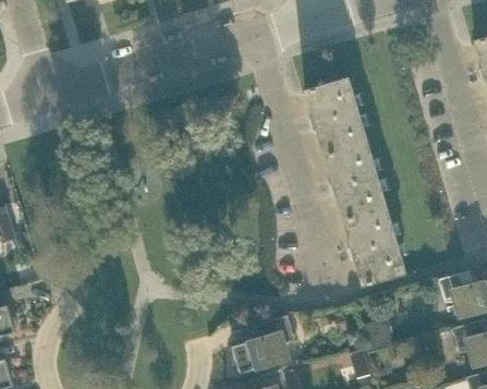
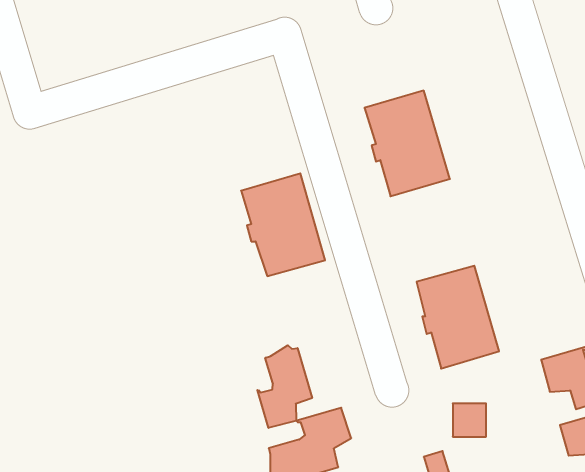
building: [324,143,387,220] -> [241,173,325,276]
building: none -> [257,345,312,428]

